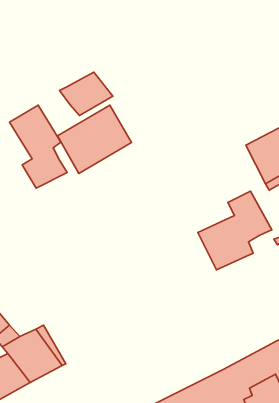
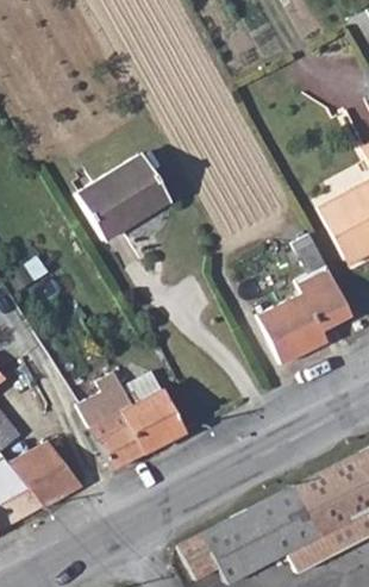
building: [59,72,113,116] -> none
building: [9,105,67,188] -> none
building: none -> [77,370,187,469]

